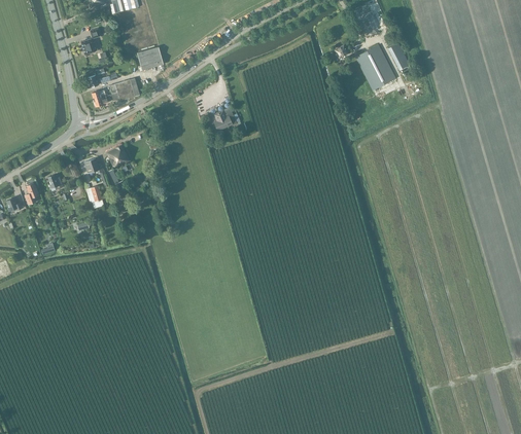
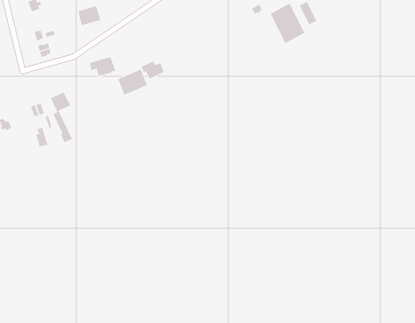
building: [109,77,140,100] -> [89,56,116,76]
building: none -> [118,69,148,95]

